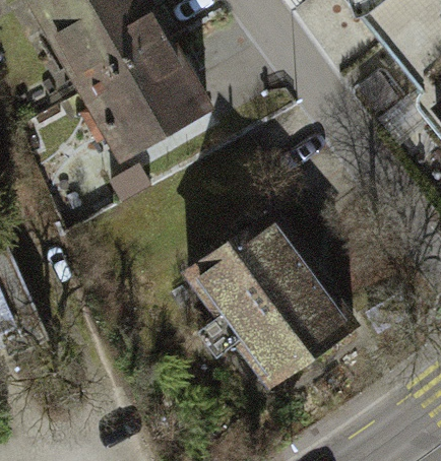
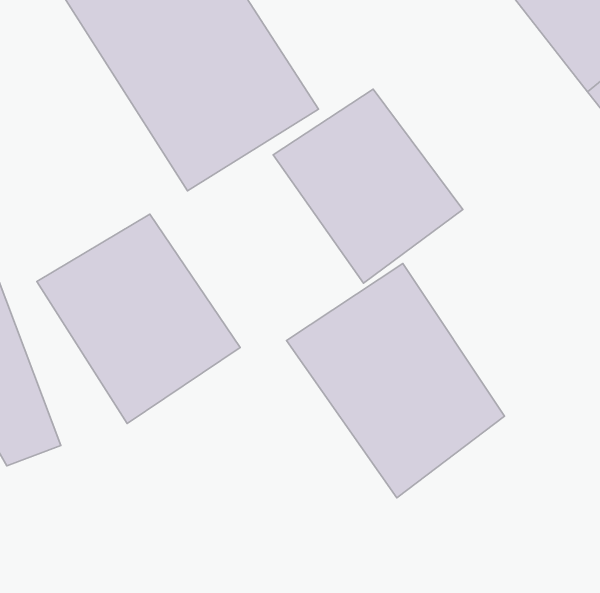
building: none -> [273,89,463,283]
building: none -> [37,214,240,424]

